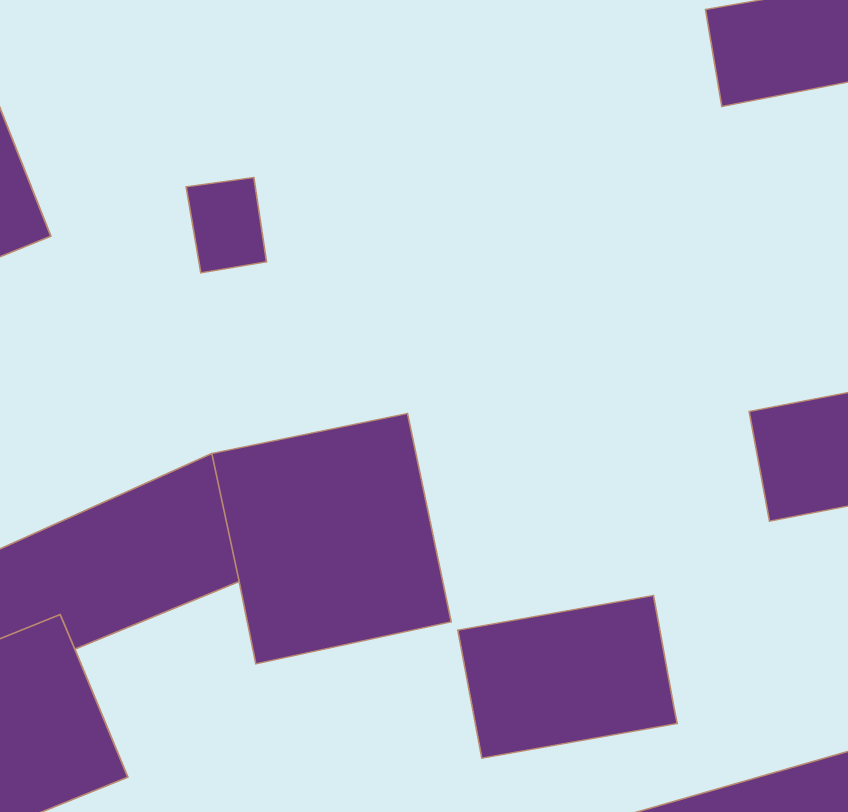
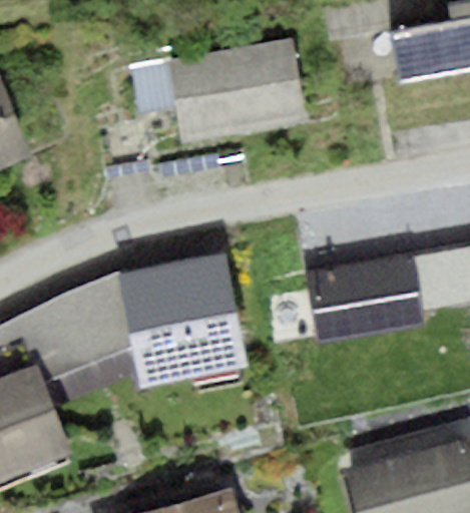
building: none -> [129,36,309,144]
building: [458,596,677,758] -> [305,252,425,342]

